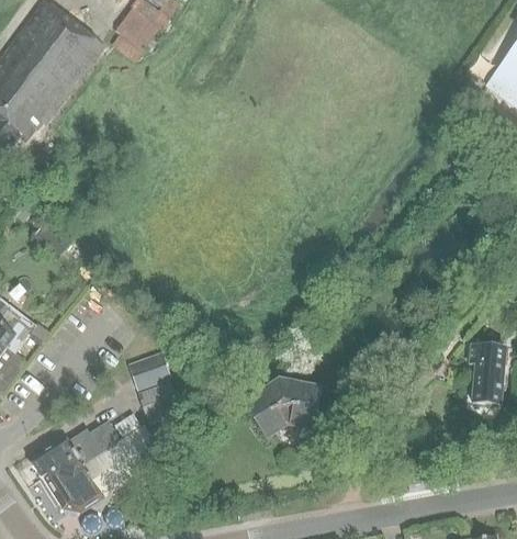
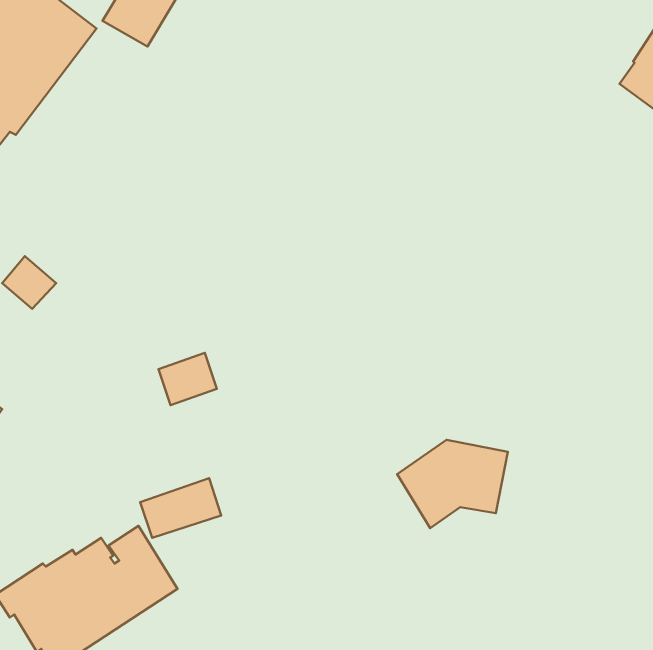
building: [470,345,506,404] -> none
building: [126,351,169,390] -> [158,353,217,405]
building: [241,378,323,442] -> [397,440,508,528]

